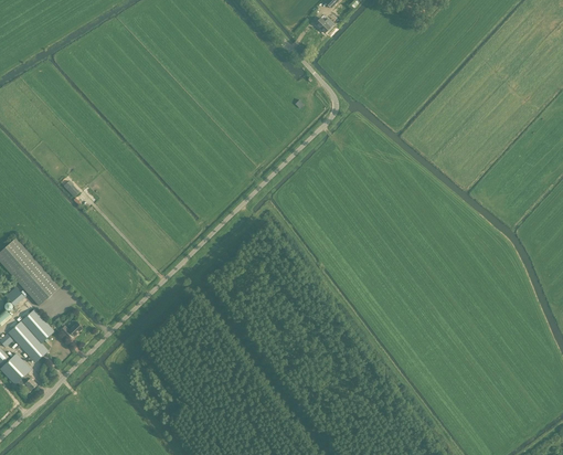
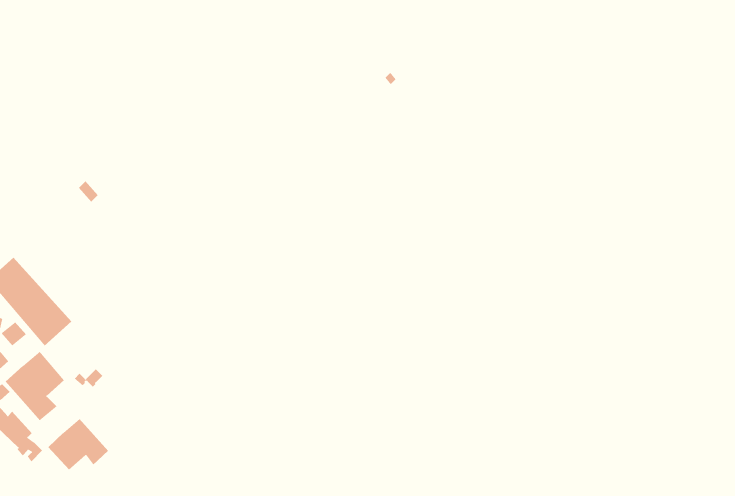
building: none -> [48,418,109,470]

